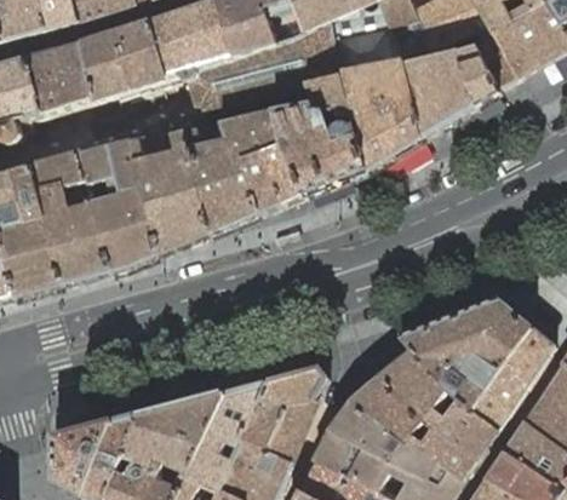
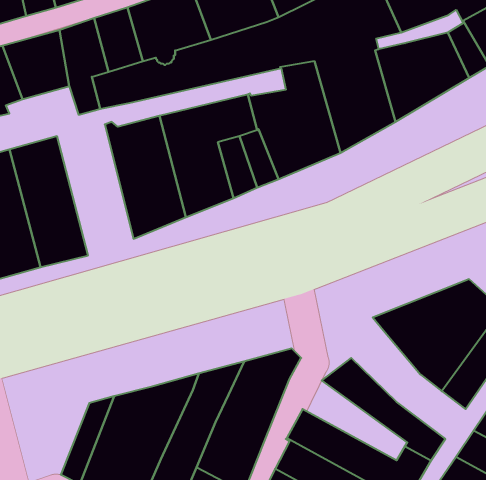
building: [82,137,160,270] -> none
building: [371,333,498,456] -> none
building: [332,397,439,478] -> none
building: [57,420,115,493] -> none

